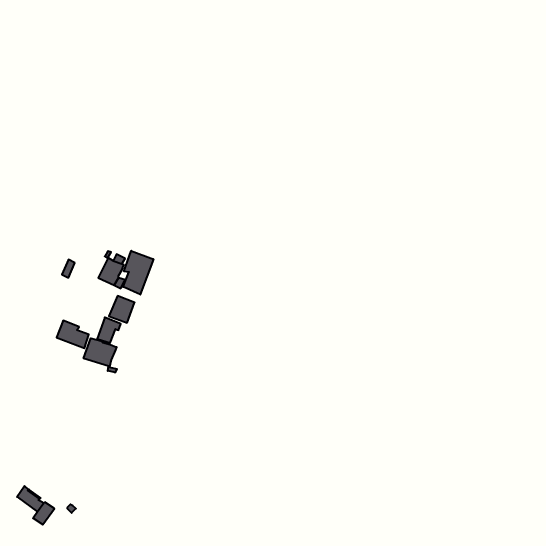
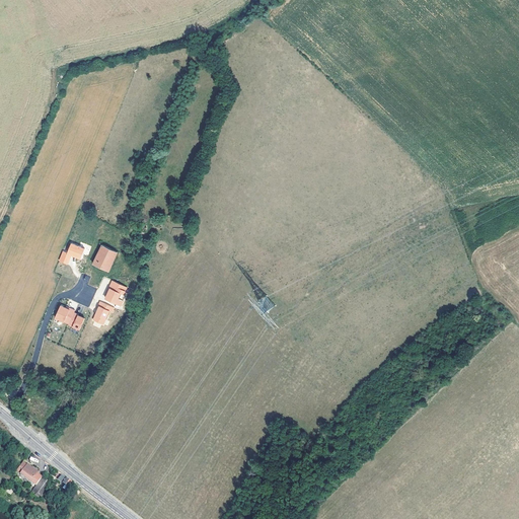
building: [123,251,153,295] -> none
building: [84,338,117,373] -> none

